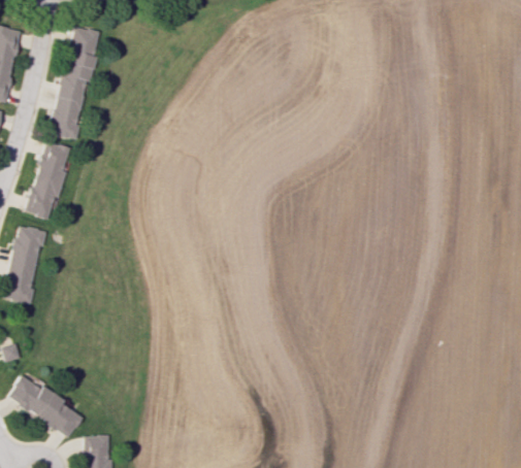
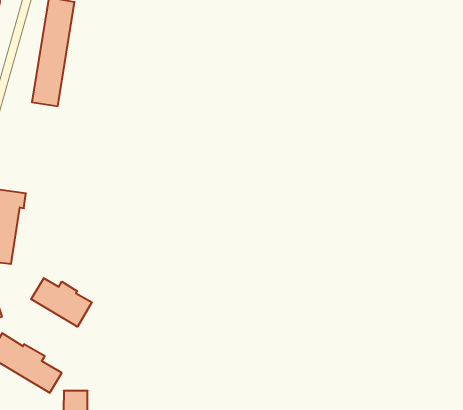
building: [27,141,70,219] -> none
building: none -> [31,278,92,327]

